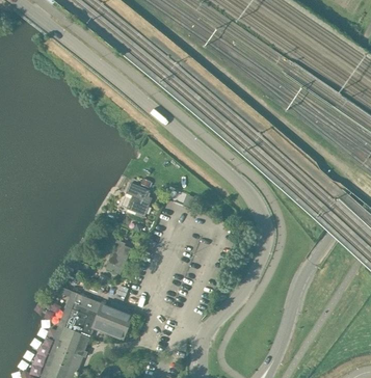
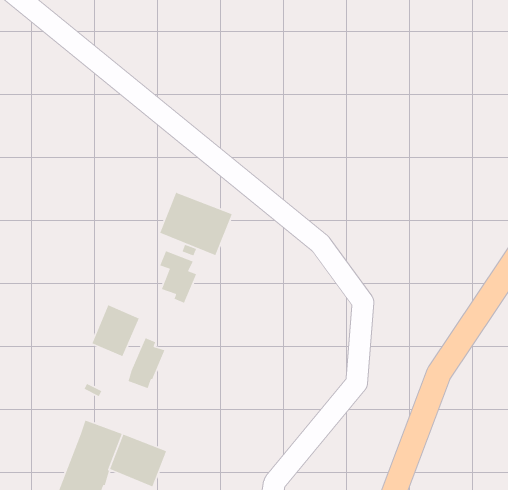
building: none -> [159,191,233,256]
building: none -> [91,304,140,357]

